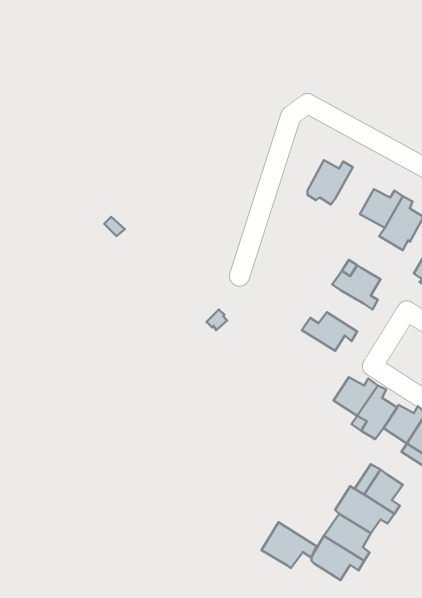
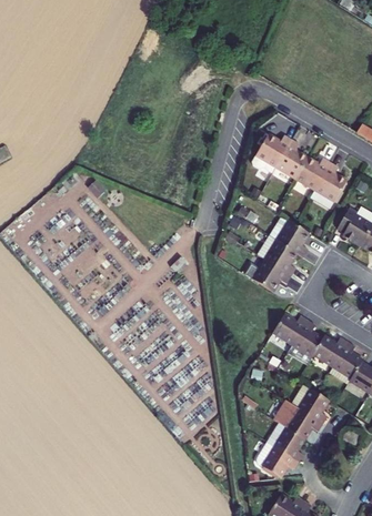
building: none -> [275,143,306,181]
building: none -> [261,237,299,275]
building: [261,522,316,568] -> none

